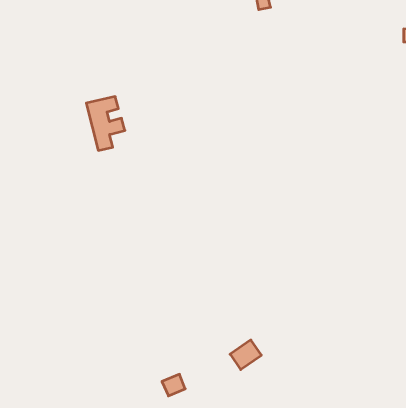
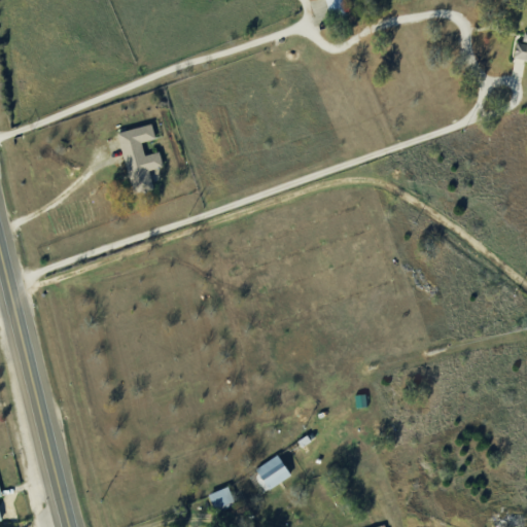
building: [230,340,261,370] -> [253,454,293,492]

